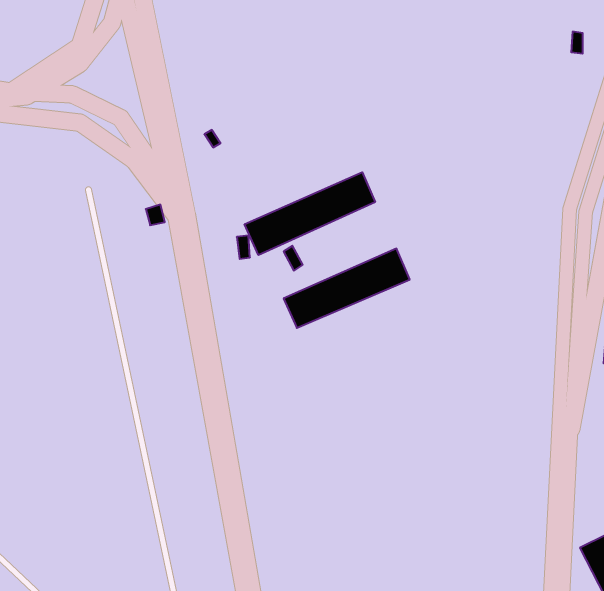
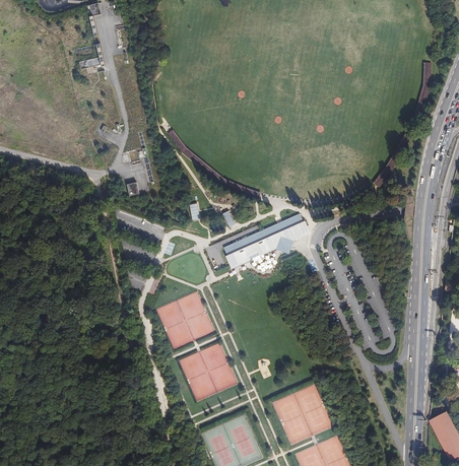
building: [245,172,375,255] -> none

